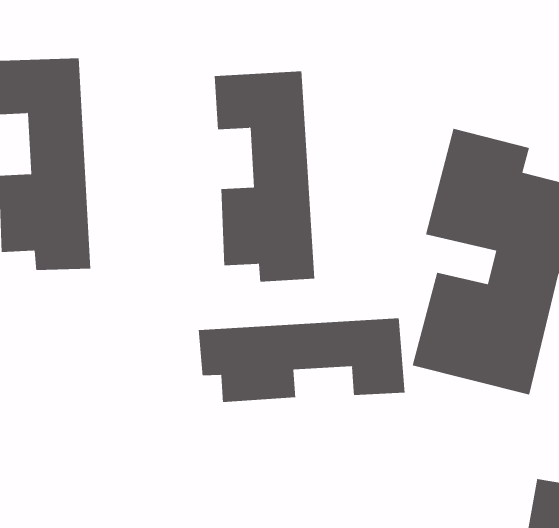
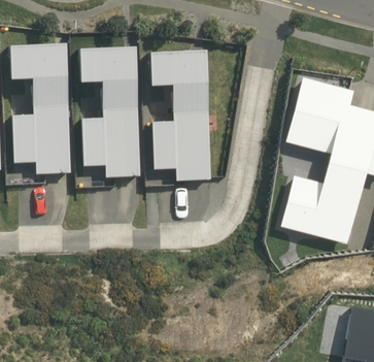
building: none -> [77,44,141,178]
building: [198,318,405,403] -> none

